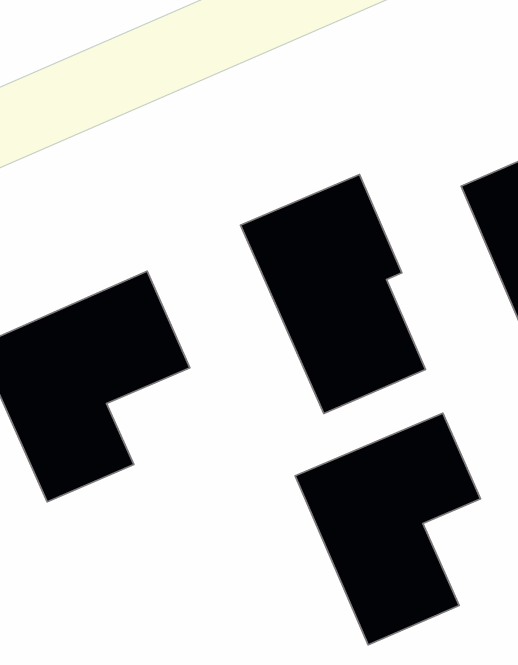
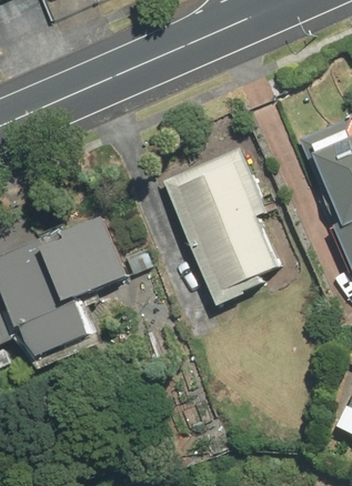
building: [295,413,481,645] -> none

